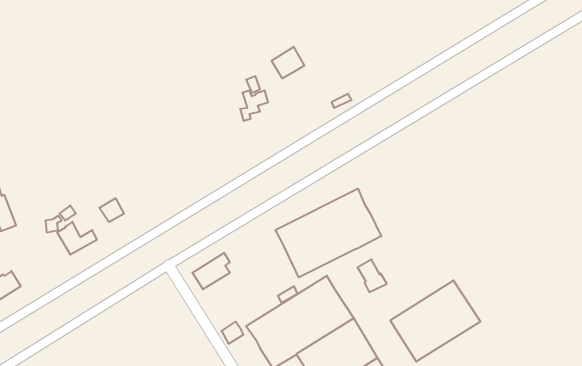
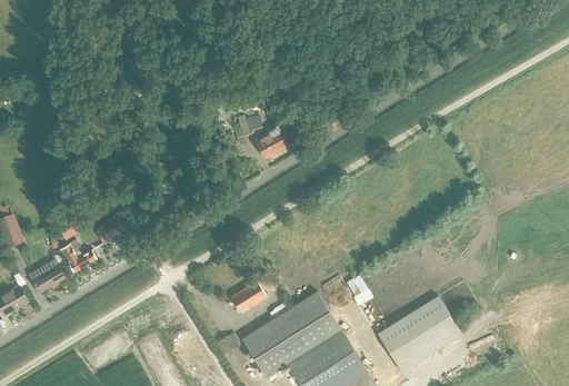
building: [272,47,304,78] -> [254,127,286,157]
building: [276,189,381,277] -> none
building: none -> [28,259,68,291]
building: [192,253,230,289] -> [231,278,267,313]

